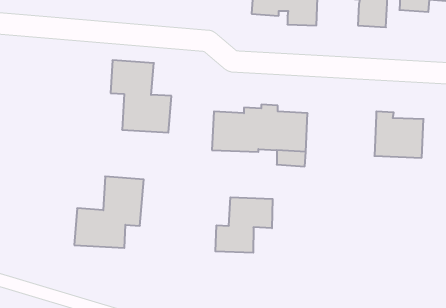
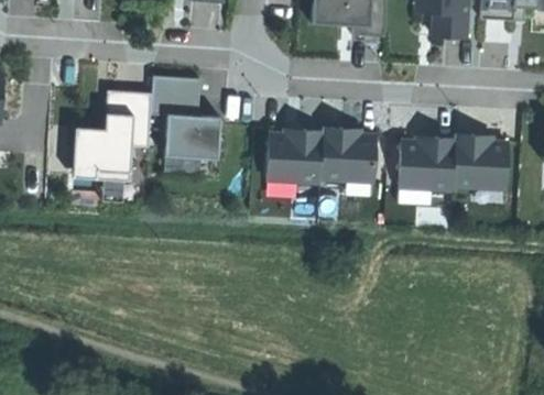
building: none -> [398,138,454,188]
building: [74,176,144,248] -> [72,90,151,172]
building: [215,197,273,253] -> none

